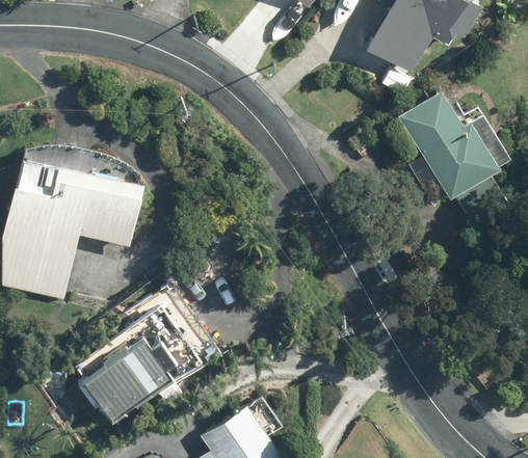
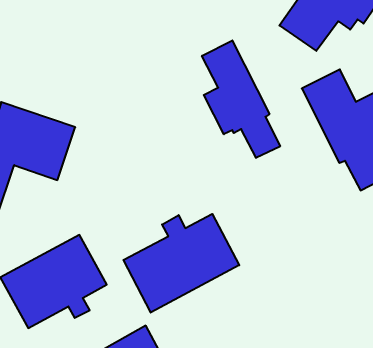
building: none -> [202,40,280,158]
building: none -> [123,214,239,313]

